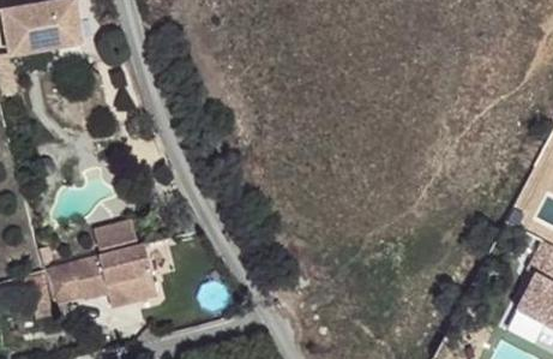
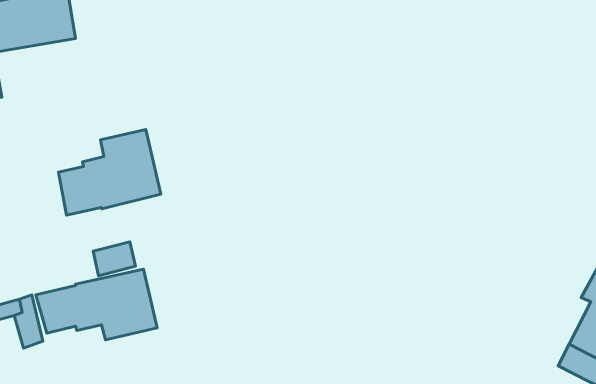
building: none -> [58,130,161,215]

